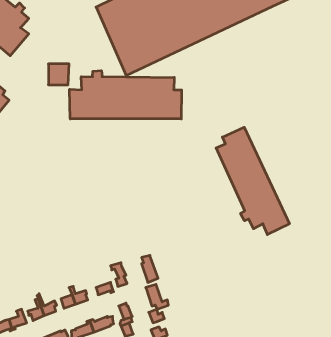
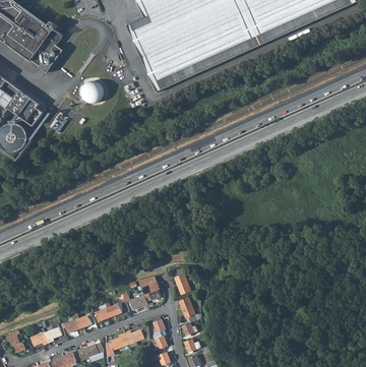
building: [70,71,182,119] -> none
building: [216,127,289,235] -> none

